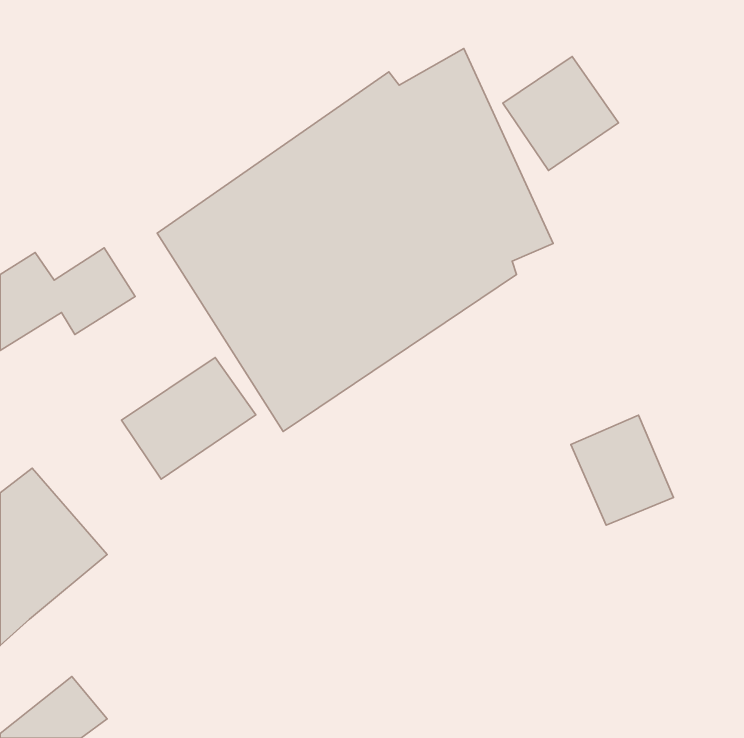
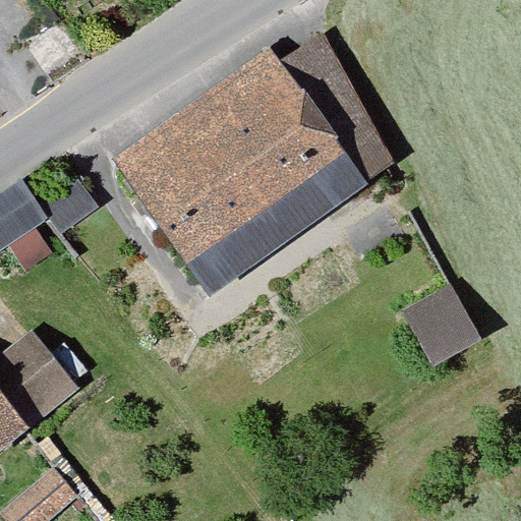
building: [503,57,618,171] -> none
building: [122,357,256,479] -> none

